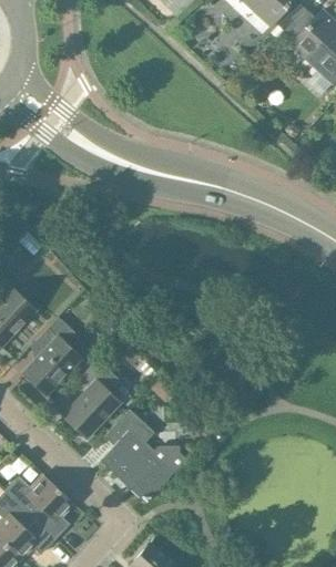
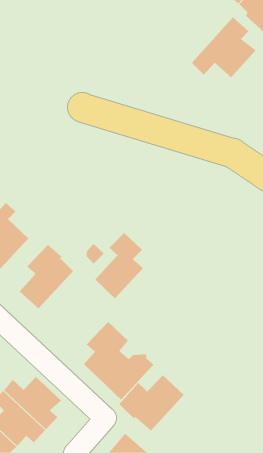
building: none -> [191,17,256,78]
building: [62,359,121,439] -> [95,232,144,299]
building: none -> [118,375,185,431]

